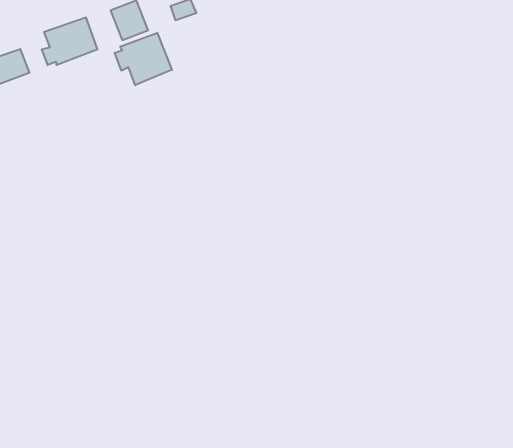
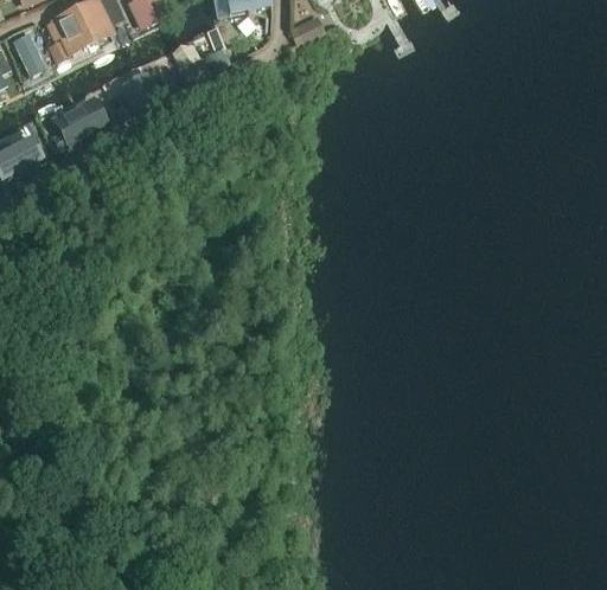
building: [115,33,172,85] -> none

